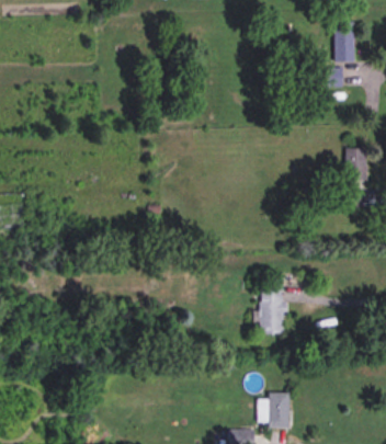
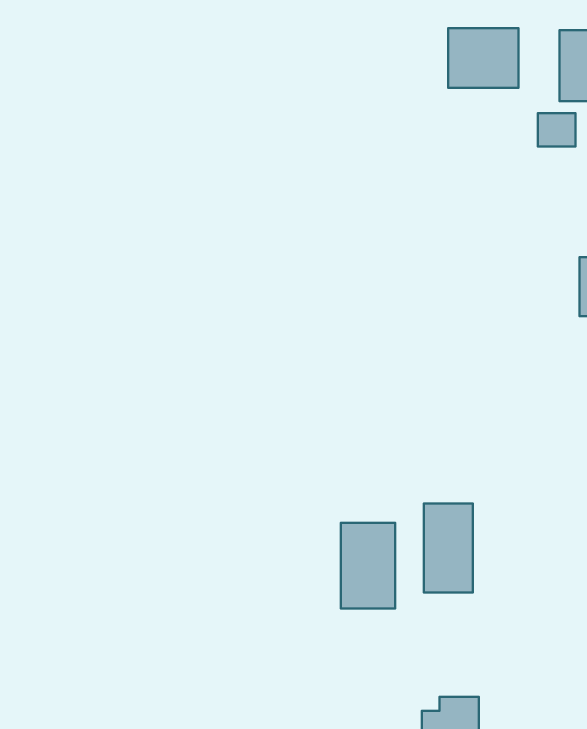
building: none -> [448,28,518,88]
building: none -> [341,523,395,608]

